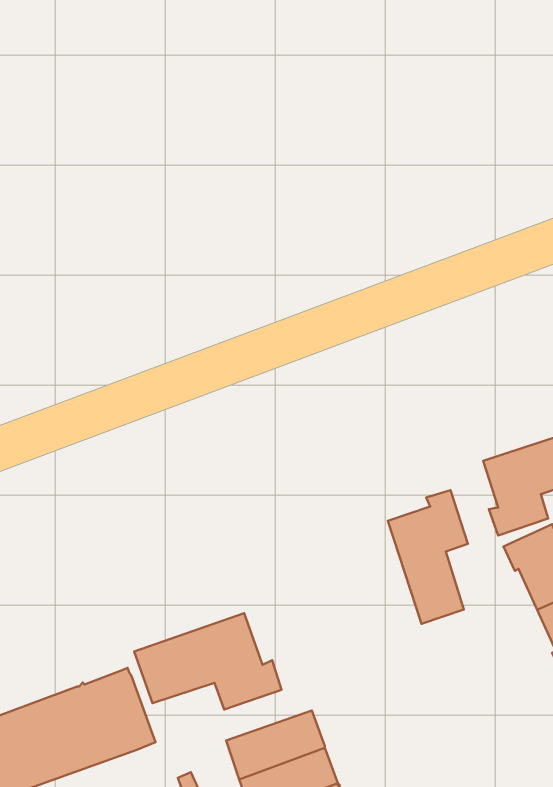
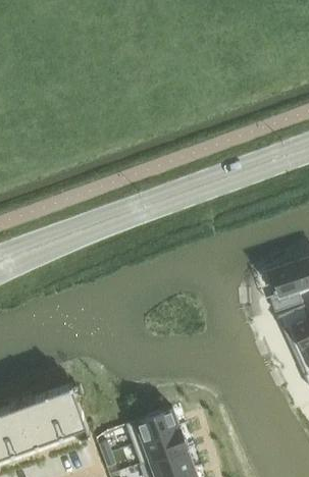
building: [388,490,468,624] -> none
building: [134,613,282,709] -> none

